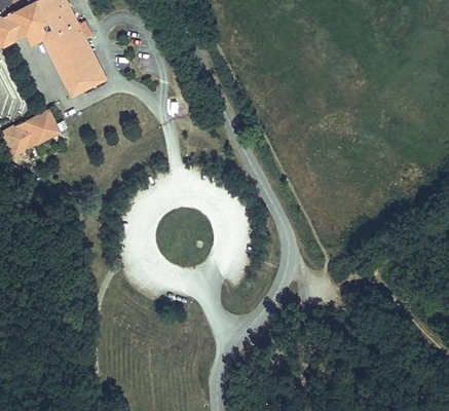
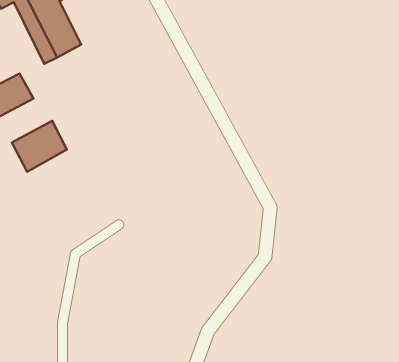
building: none -> [12,121,67,172]

